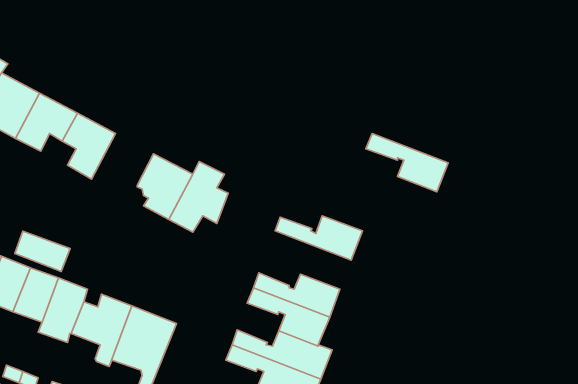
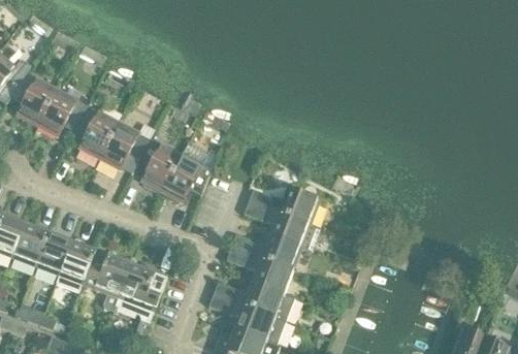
building: none -> [98,121,149,173]
building: [366,134,448,192] -> [242,200,310,248]
building: [15,231,70,272] -> none

